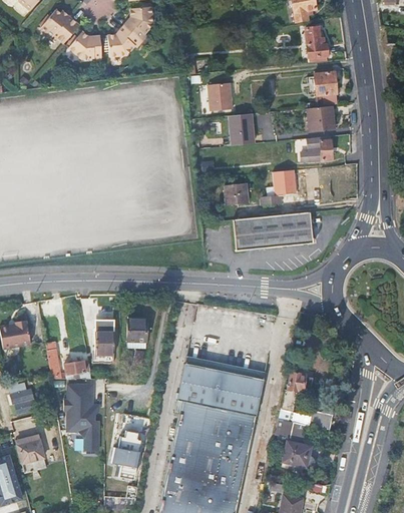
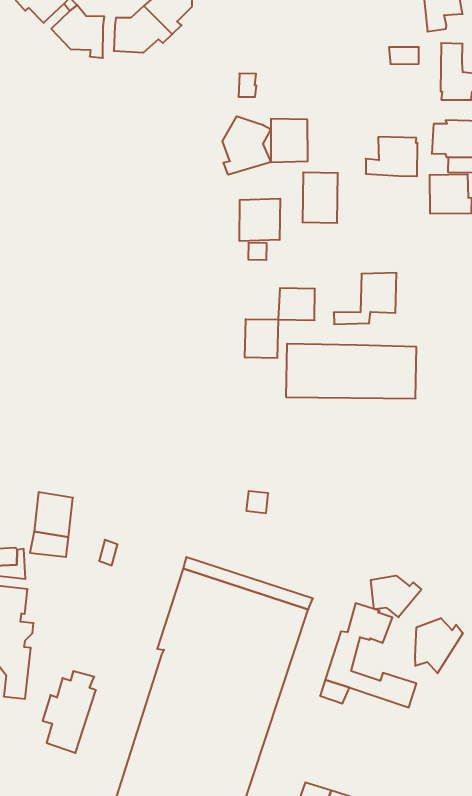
building: none -> [222,116,271,175]
building: none -> [239,199,280,241]
building: [300,136,332,161] -> [366,137,418,176]
building: none -> [245,319,278,358]
building: [129,316,149,343] -> none
building: none -> [371,576,421,617]
building: none -> [415,618,463,673]
building: [283,441,314,468] -> none

